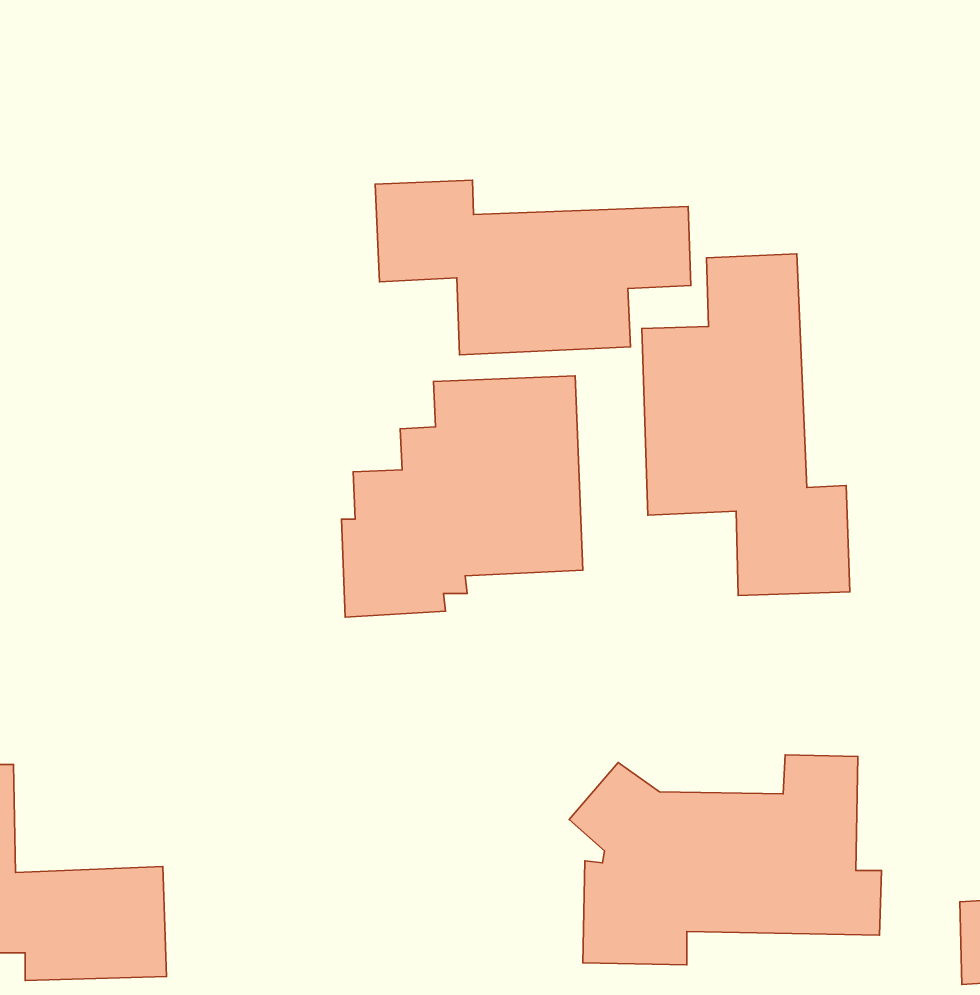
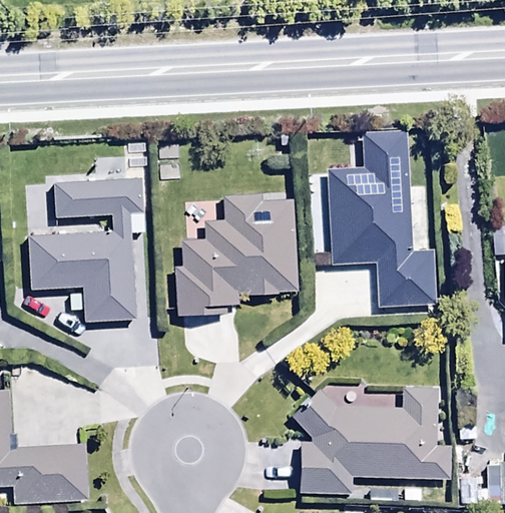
building: [375,180,691,355] -> none
building: none -> [29,179,144,320]

